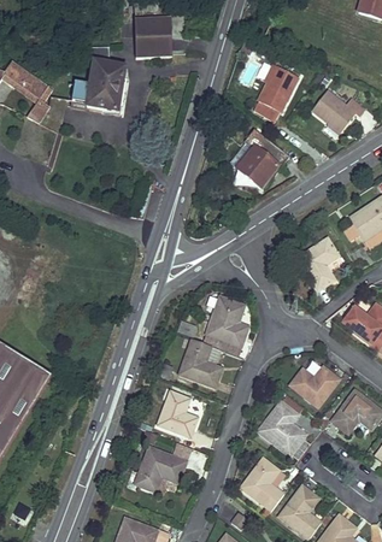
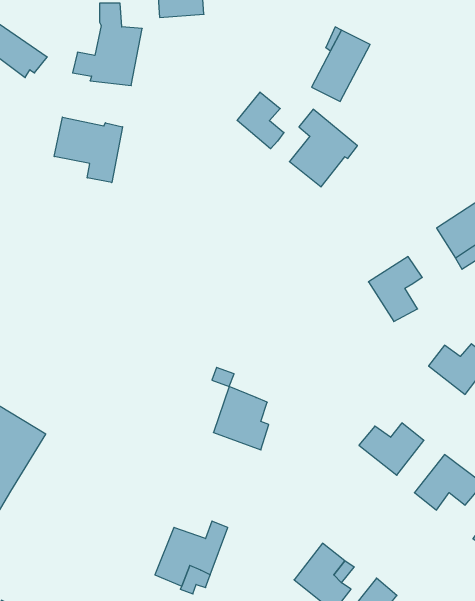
building: [313,92,365,132] -> none
building: none -> [237,92,284,149]
building: none -> [54,117,123,183]
building: [205,296,247,346] -> none
building: [157,390,198,436] -> none
building: [258,401,306,454] -> none

